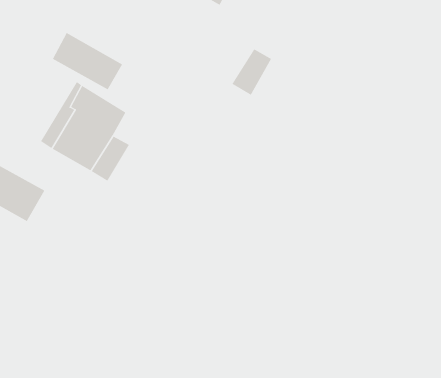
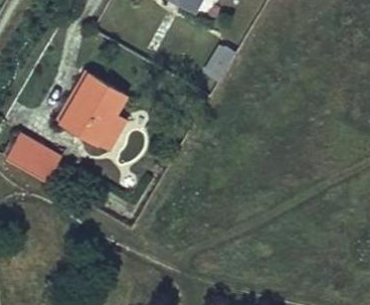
building: [52,32,123,90] -> none

